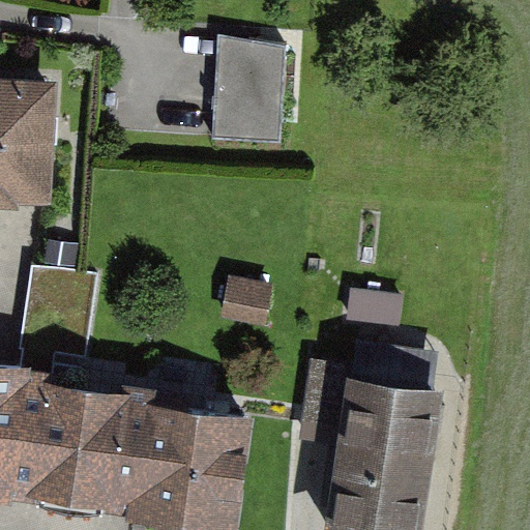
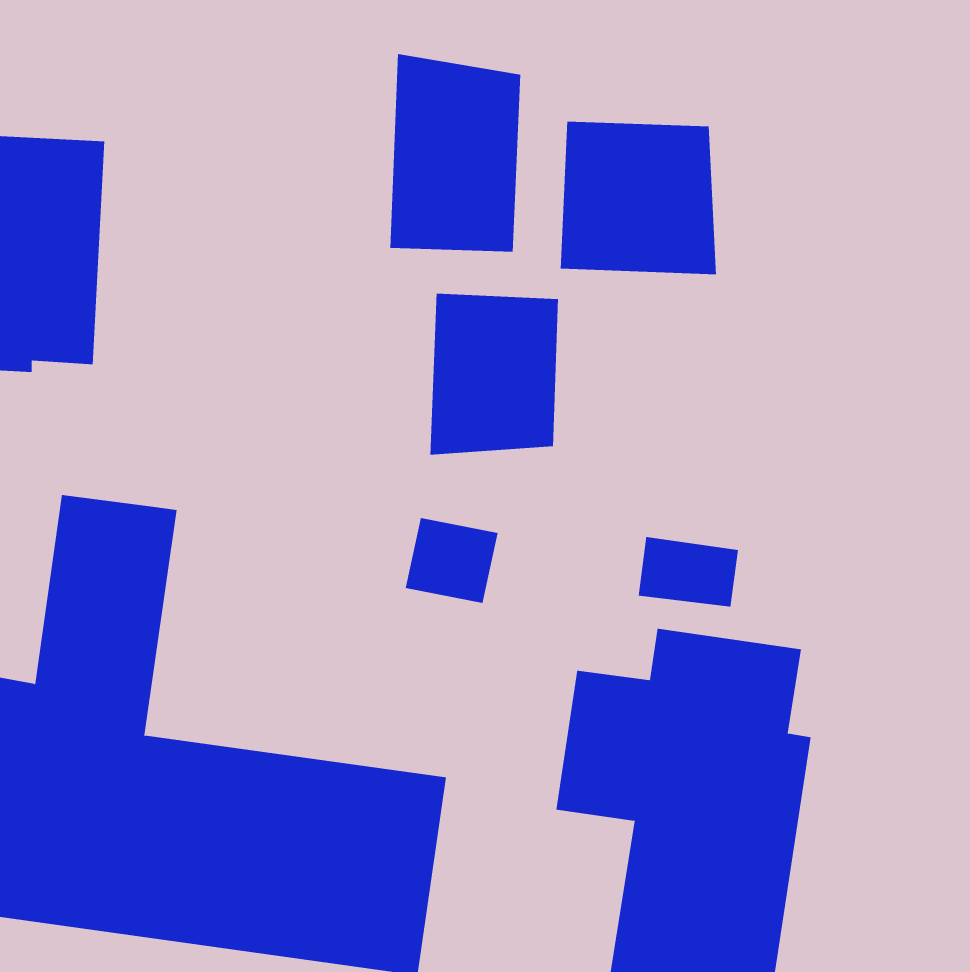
building: none -> [560,121,716,275]
building: none -> [430,293,559,455]

